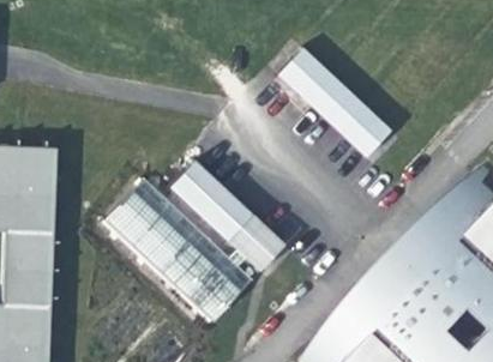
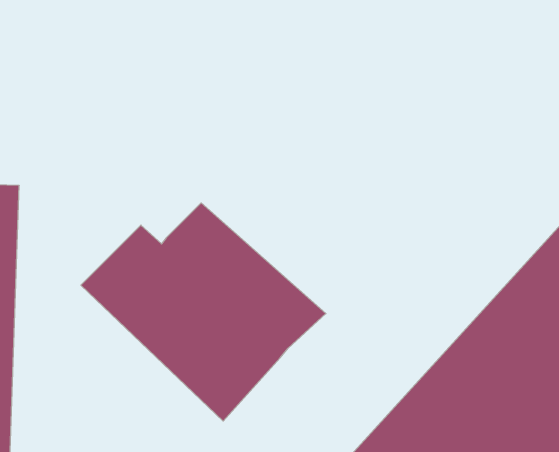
building: [275,44,391,155] -> none

